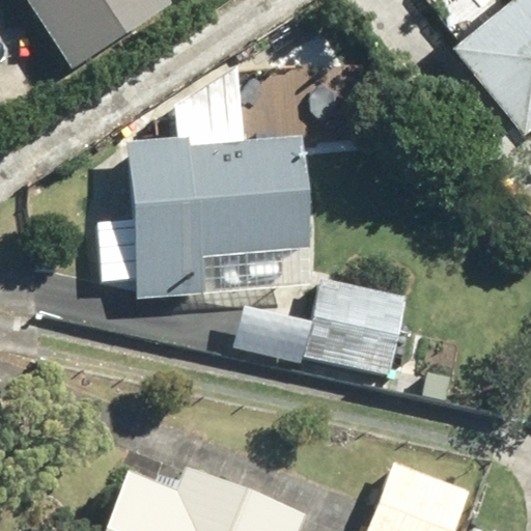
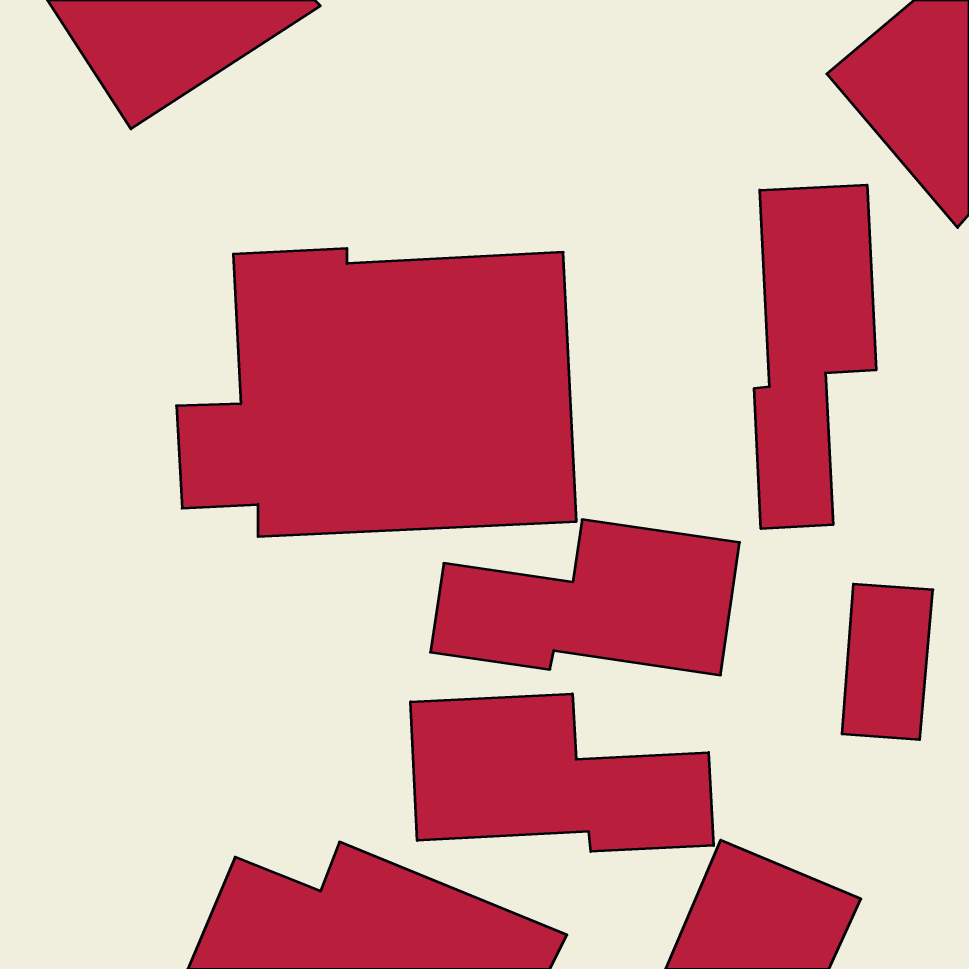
building: none -> [754,185,876,529]
building: none -> [411,694,714,852]

